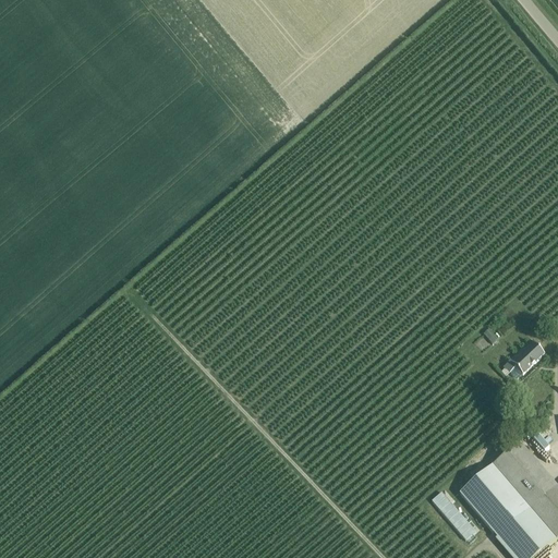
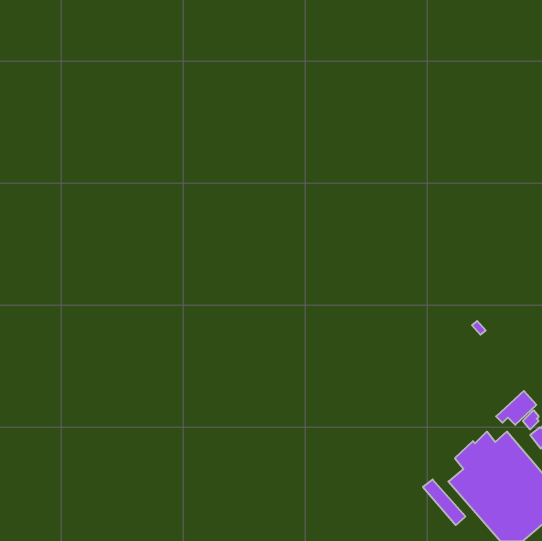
building: [505,340,546,375] -> [496,391,536,425]

